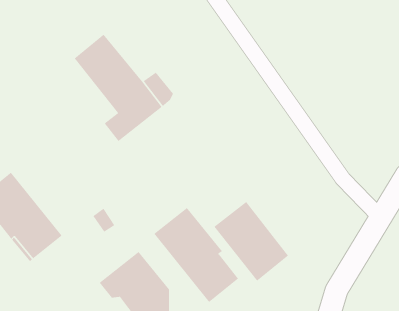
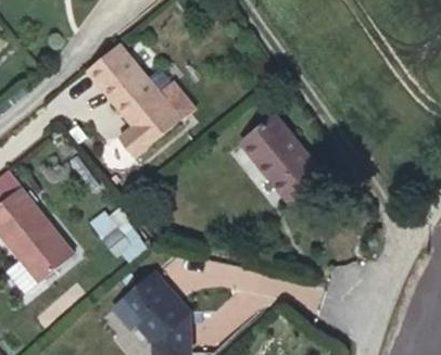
building: [214,201,289,281] -> [241,116,320,201]
building: [154,207,239,303] -> none

